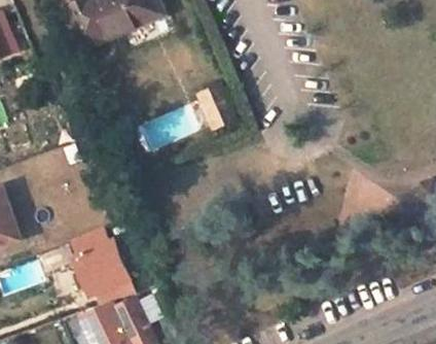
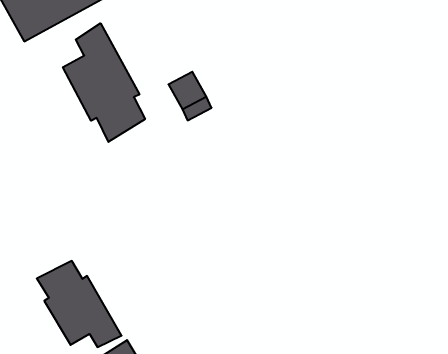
building: none -> [63,23,145,142]

